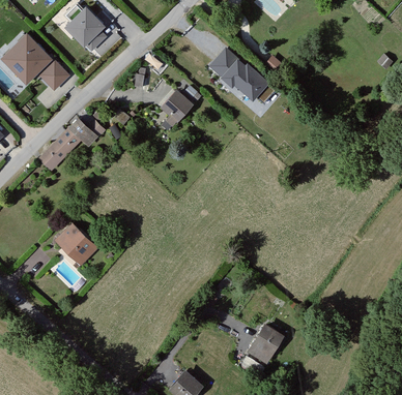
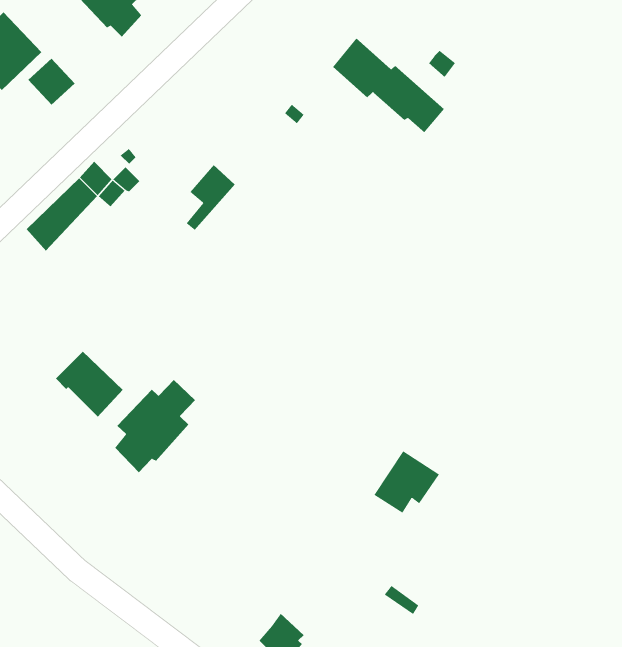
building: [163,93,191,130] -> [186,164,236,231]
building: none -> [114,379,196,473]
building: [246,326,283,361] -> [373,451,440,513]

